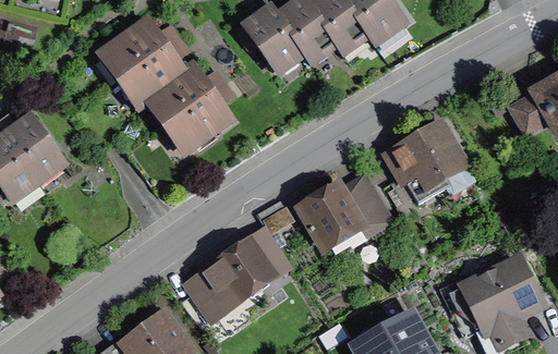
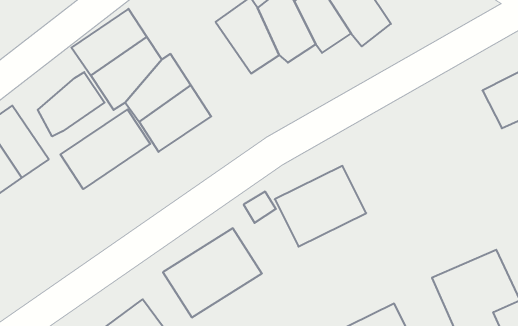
building: none -> [38,72,105,136]
building: none -> [60,109,150,189]
building: [387,120,471,188] -> none

